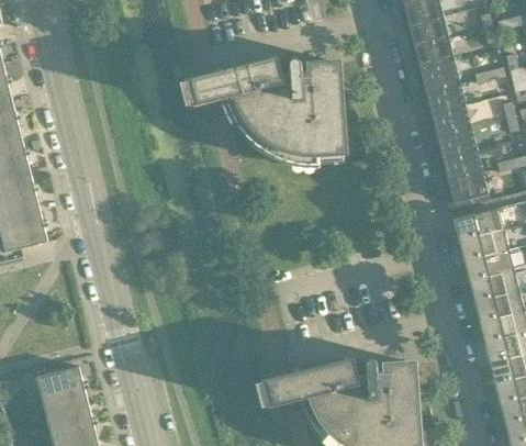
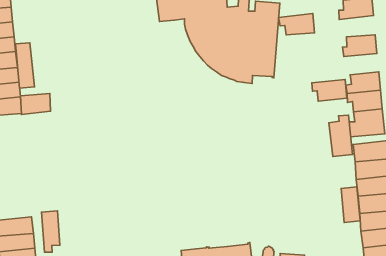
building: [413,59,459,90] -> [279,14,315,35]
building: [425,104,470,135] -> [312,80,347,101]
building: none -> [16,43,35,88]
building: none -> [329,115,352,156]
building: none -> [21,94,51,114]
building: none -> [341,187,360,222]
building: none -> [41,211,60,252]

